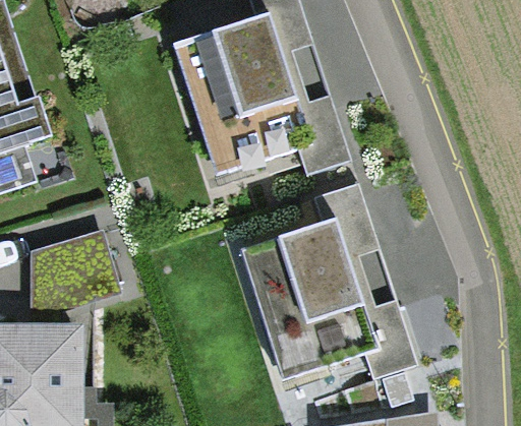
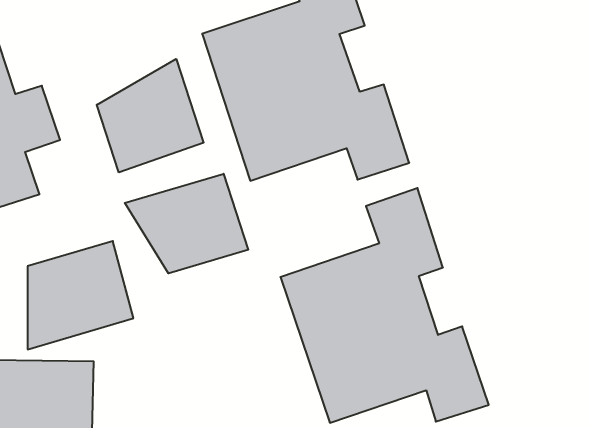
building: none -> [97,59,204,172]
building: none -> [125,174,248,273]

